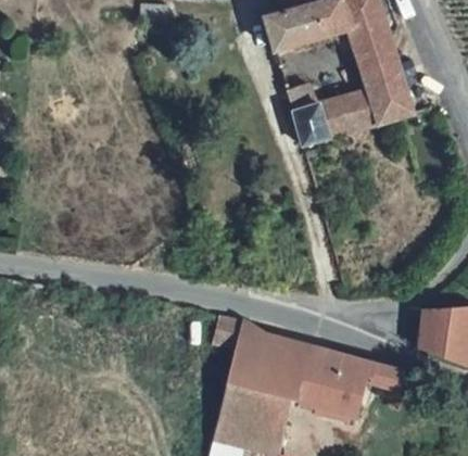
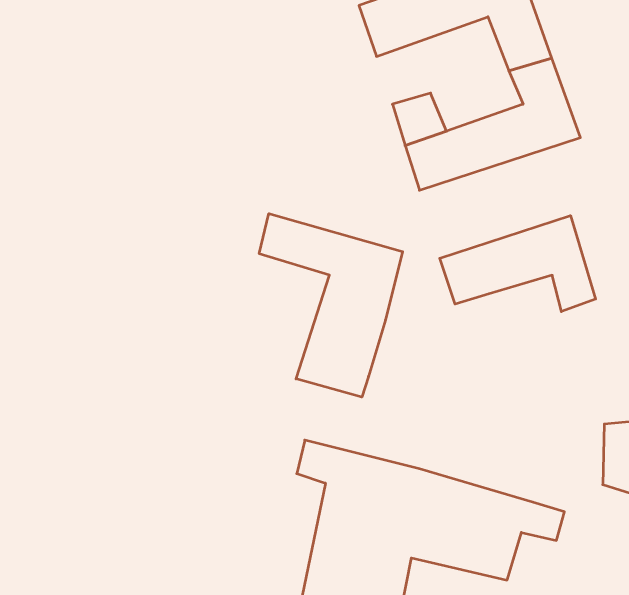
building: none -> [259,214,403,397]
building: none -> [440,216,596,312]

